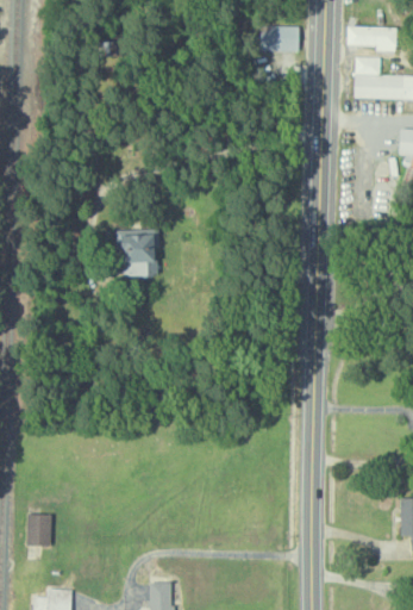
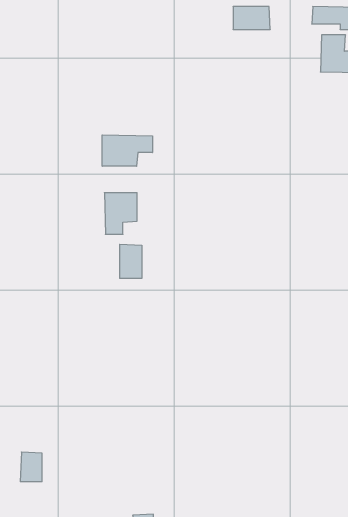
building: none -> [102,135,152,166]
building: none -> [120,244,142,278]

